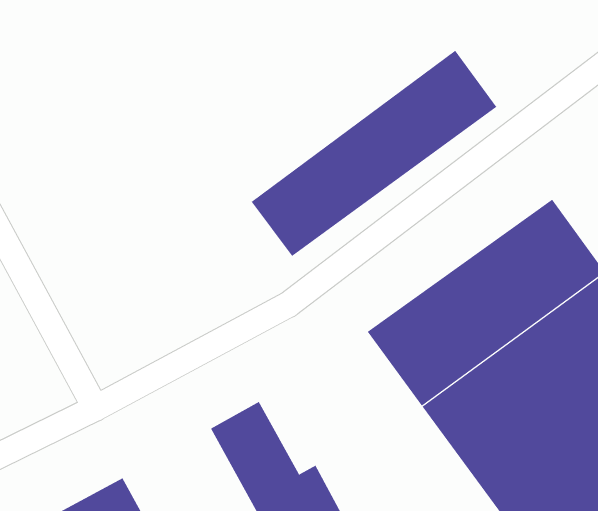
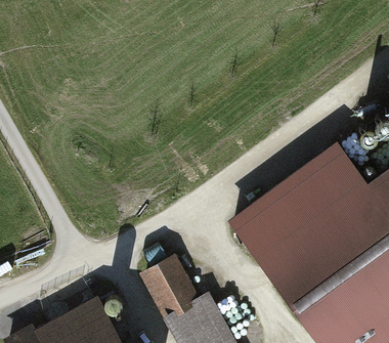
building: [251,50,497,257] -> none

